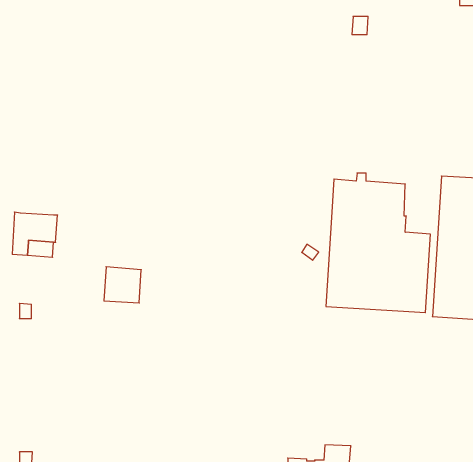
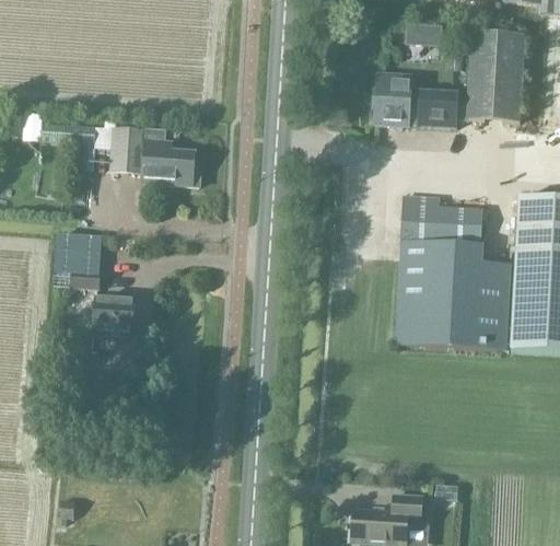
building: none -> [375,30,521,125]
building: none -> [110,126,201,185]
building: [104,267,141,303] -> [93,293,133,333]

